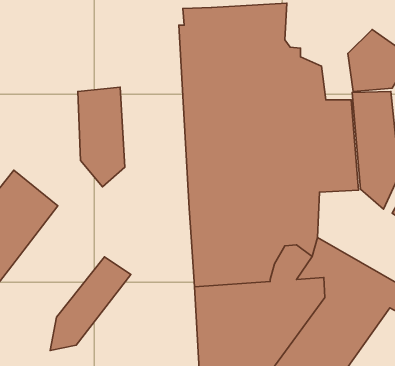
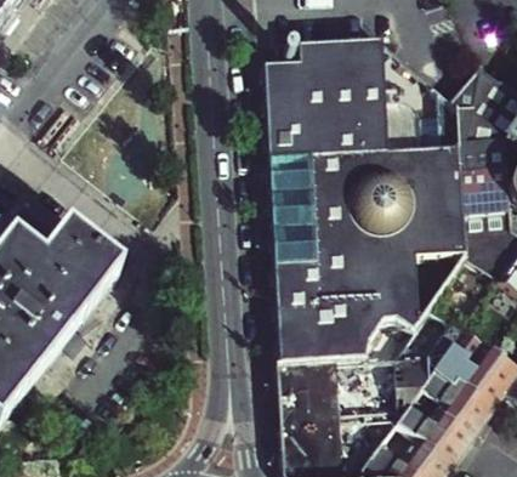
building: [78,87,125,187] -> none
building: [50,257,131,351] -> none

